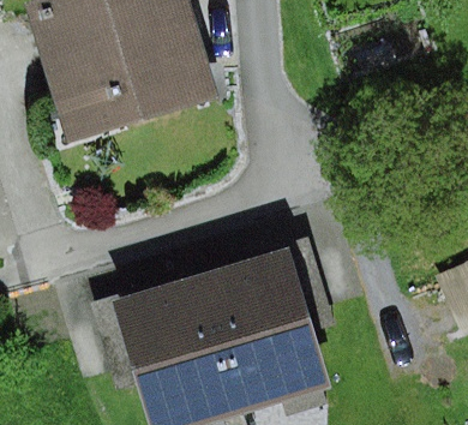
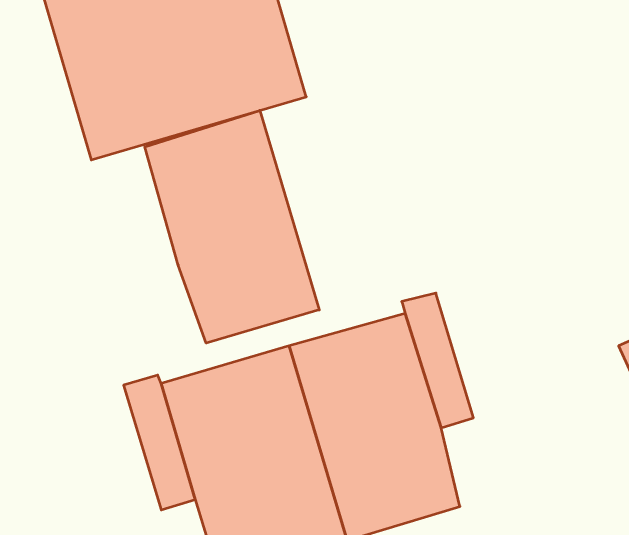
building: none -> [145,110,319,343]

